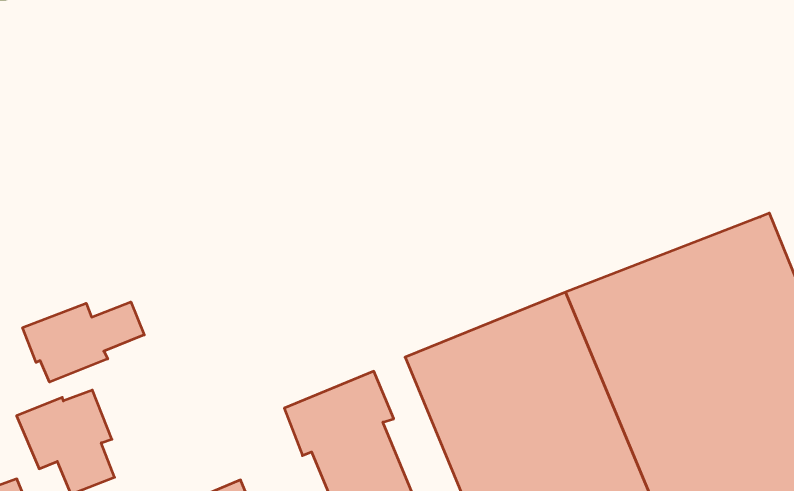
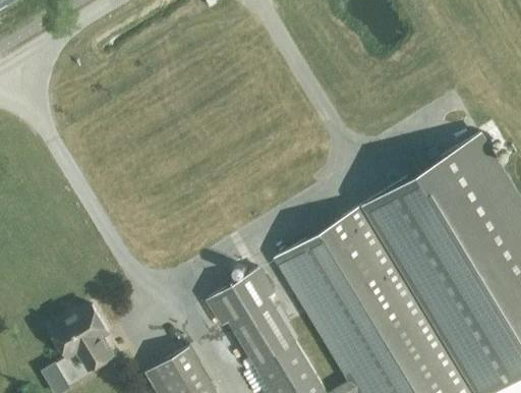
building: [23,302,144,382] -> none

